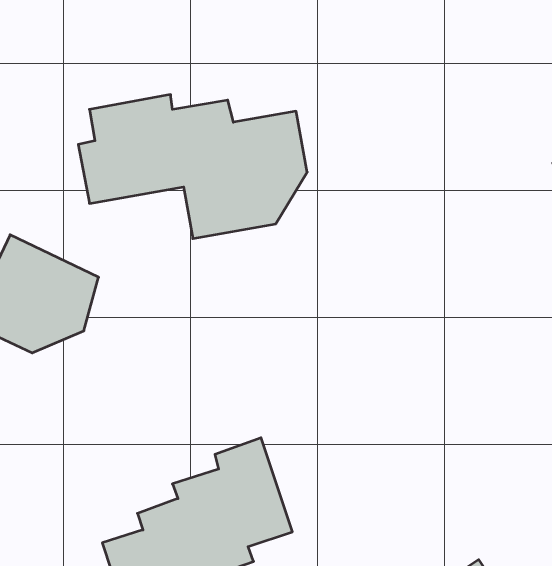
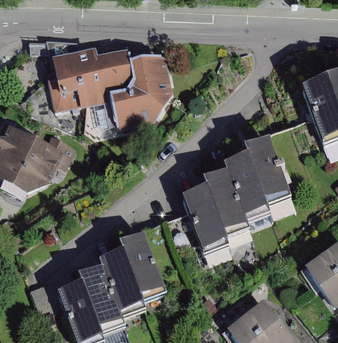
building: none -> [184,144,287,255]

